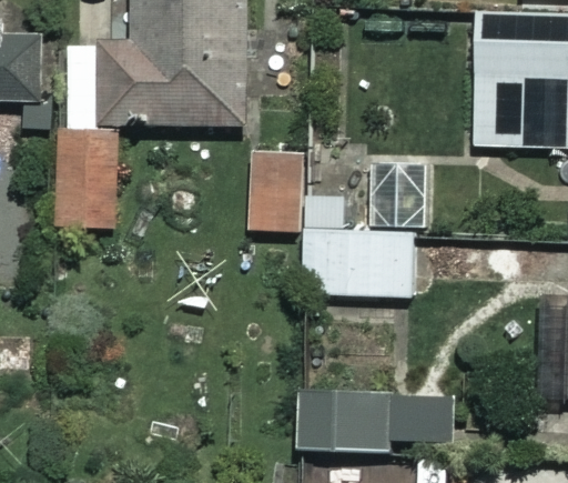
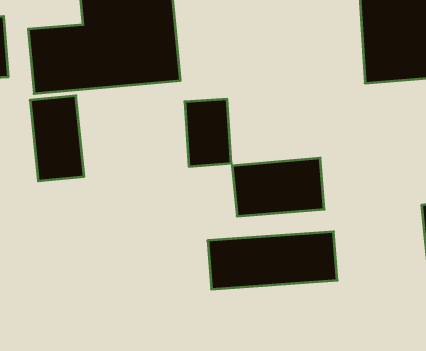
building: [298,392,454,453] -> [208,232,337,289]

